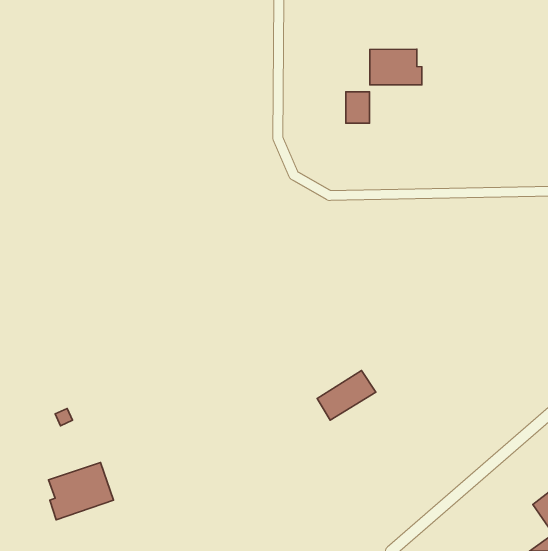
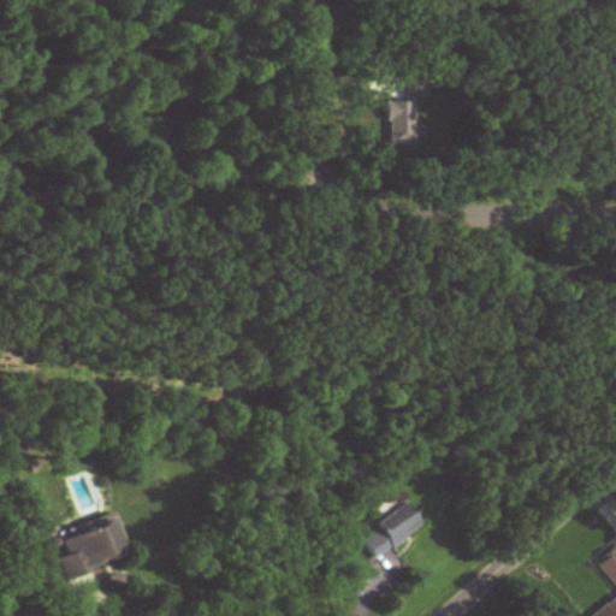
building: [370,49,422,85] -> none
building: [317,370,376,420] -> [360,503,425,558]

